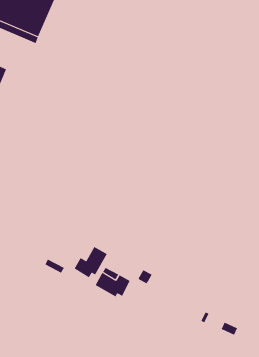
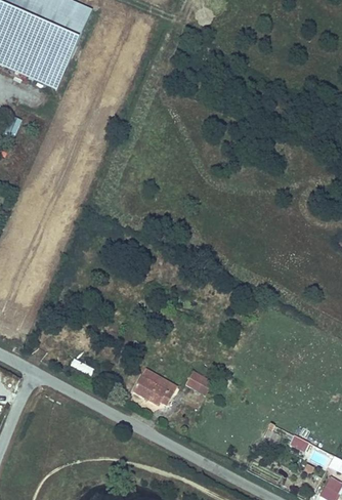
building: [74,246,107,278] -> none

